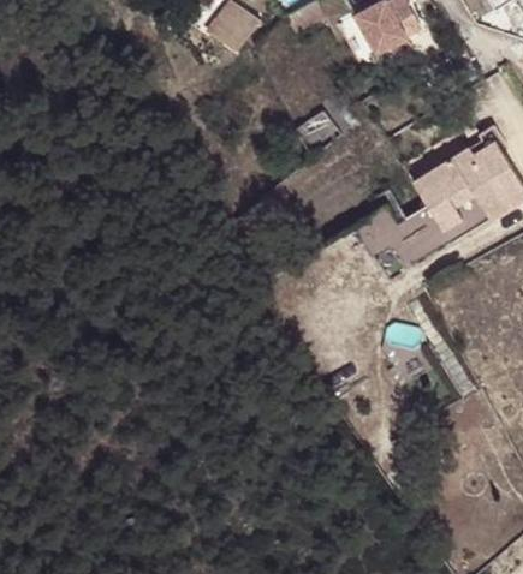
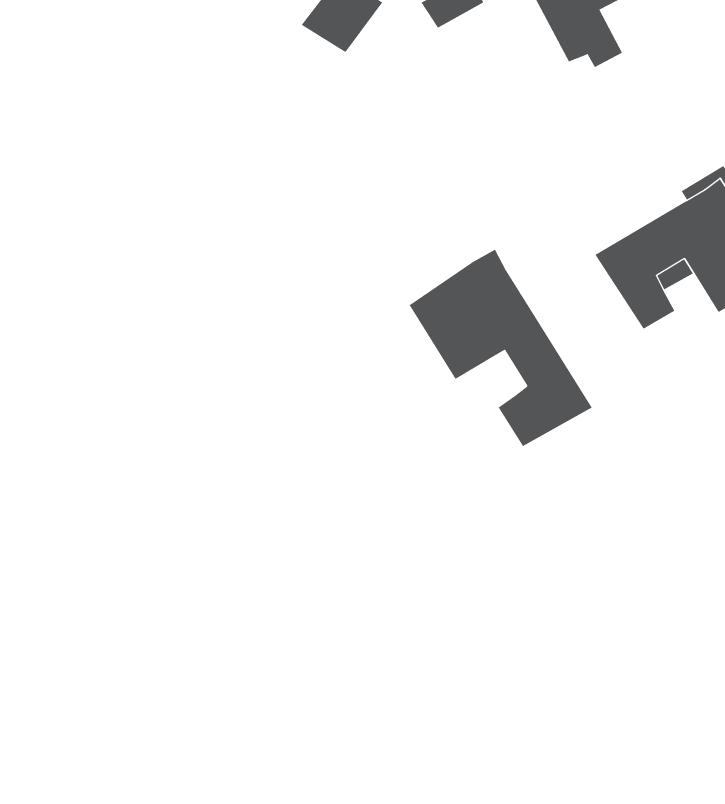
building: none -> [409,249,593,447]

